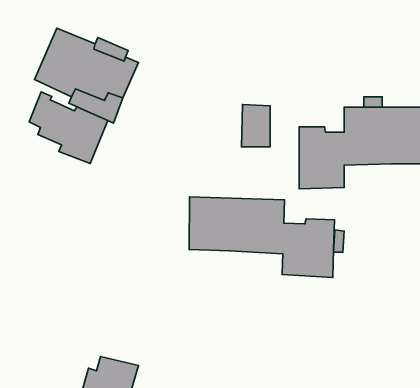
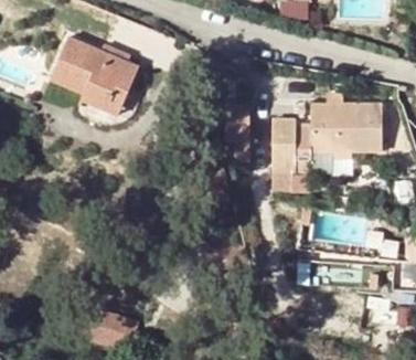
building: [29,92,108,164] -> none
building: [189,197,335,277] -> none

